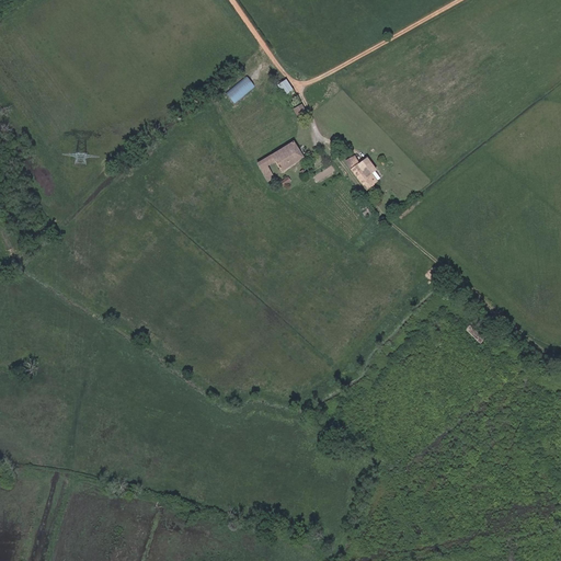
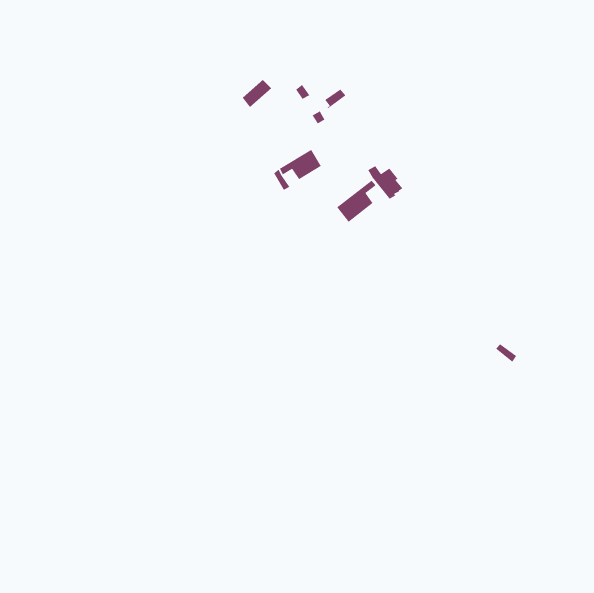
building: none -> [336,180,377,223]

